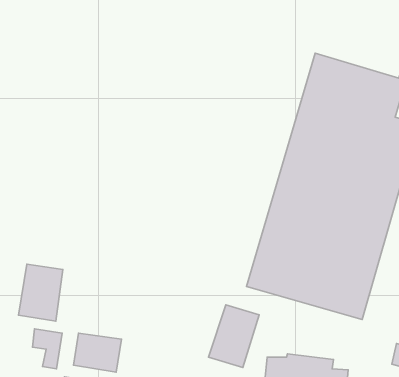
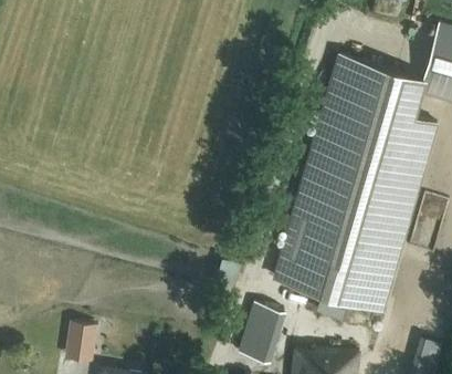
building: [19,264,63,321] -> none
building: [74,333,122,372] -> none

